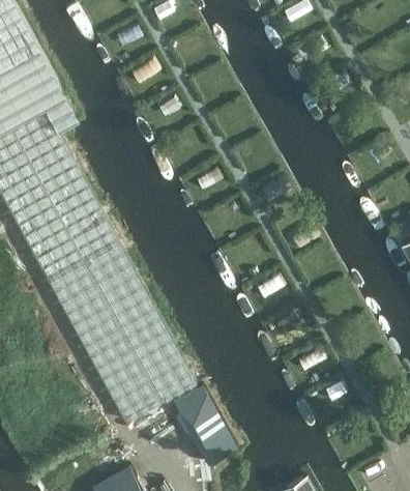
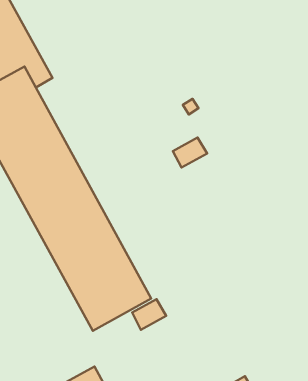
building: none -> [173,137,207,167]
building: [181,401,234,462] -> none

